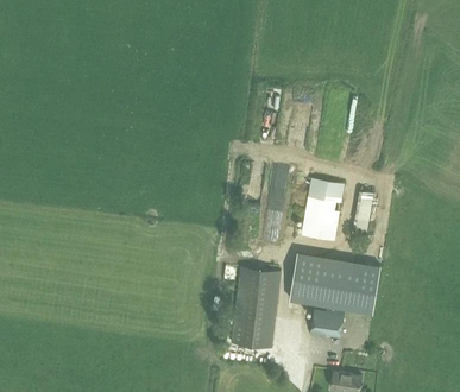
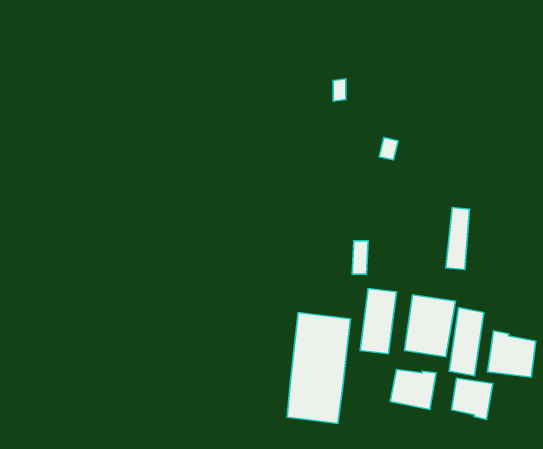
building: [301,178,344,241] -> none
building: none -> [487,331,536,377]
building: none -> [452,378,493,419]

